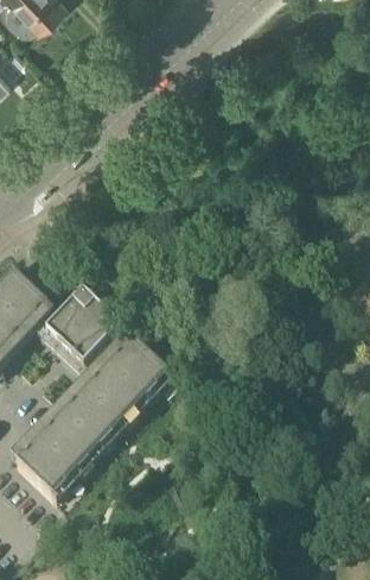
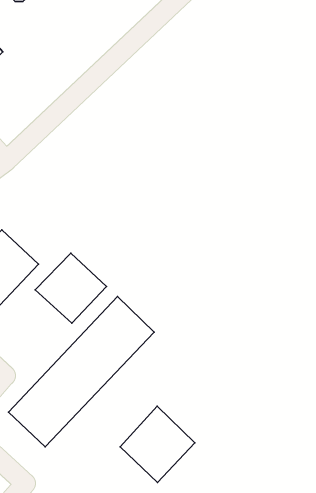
building: none -> [120,406,195,482]

